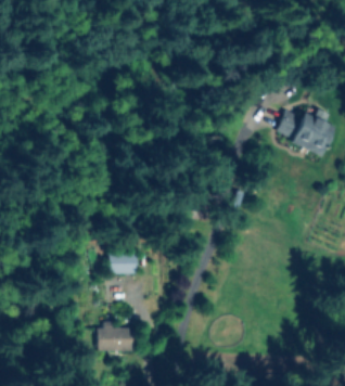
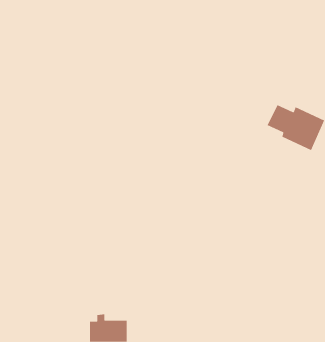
building: [108,253,138,273] -> none

